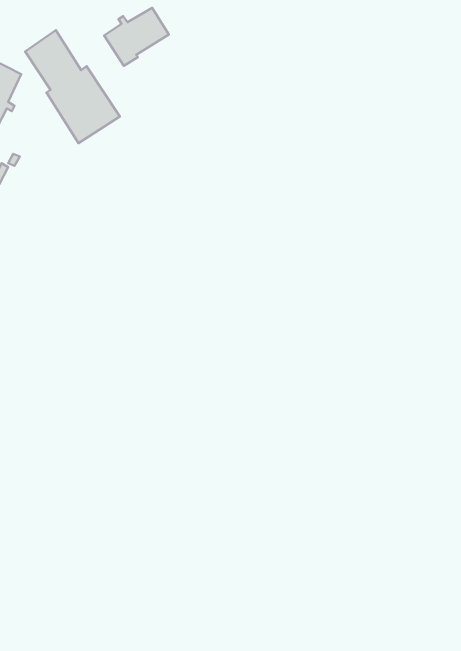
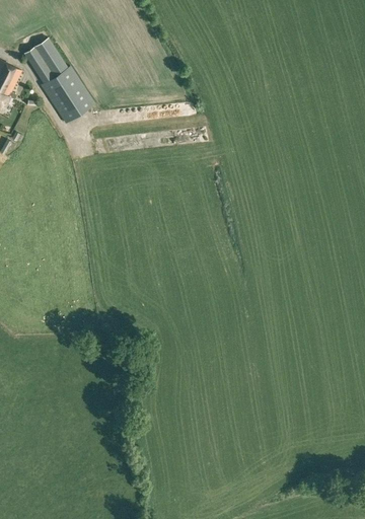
building: [104,8,169,66] -> none

